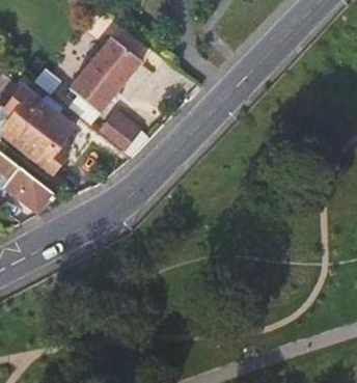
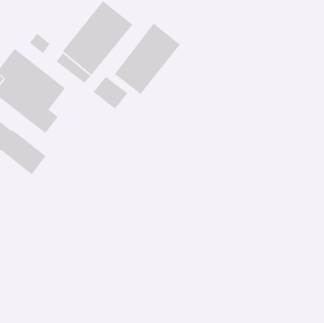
building: none -> [114,23,181,95]

